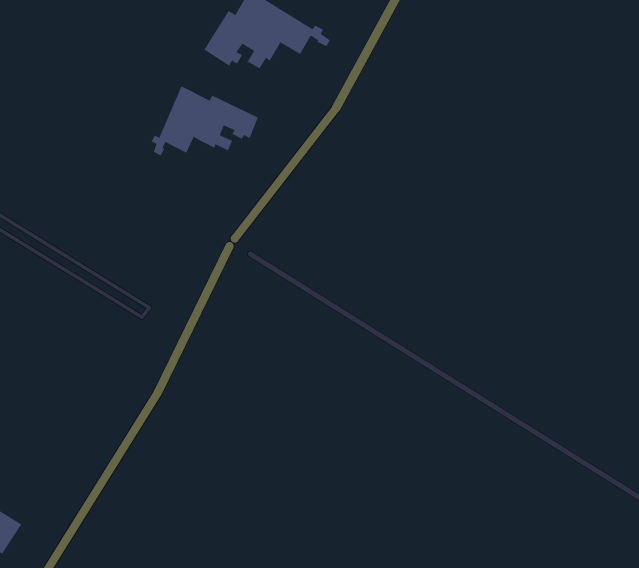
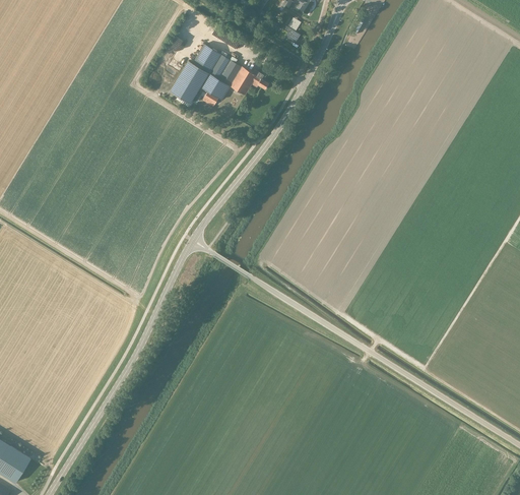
building: [151,85,259,156] -> none

